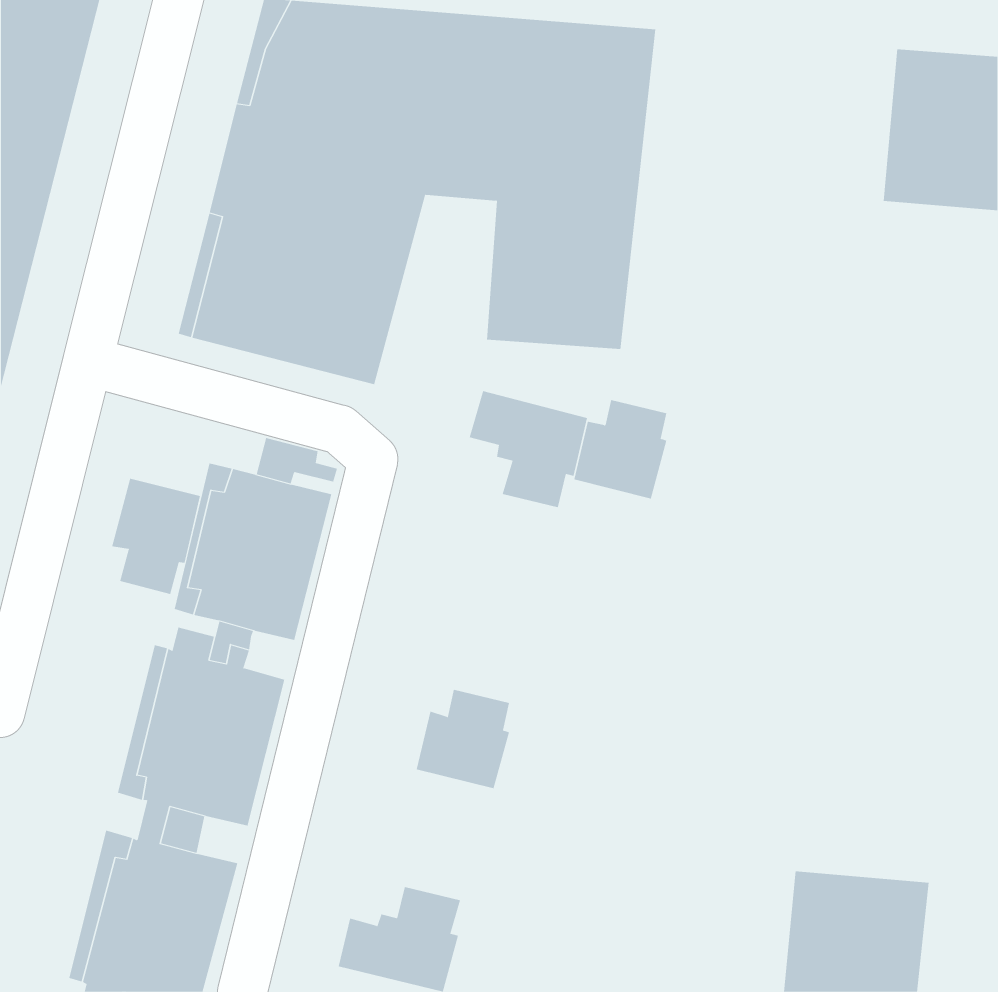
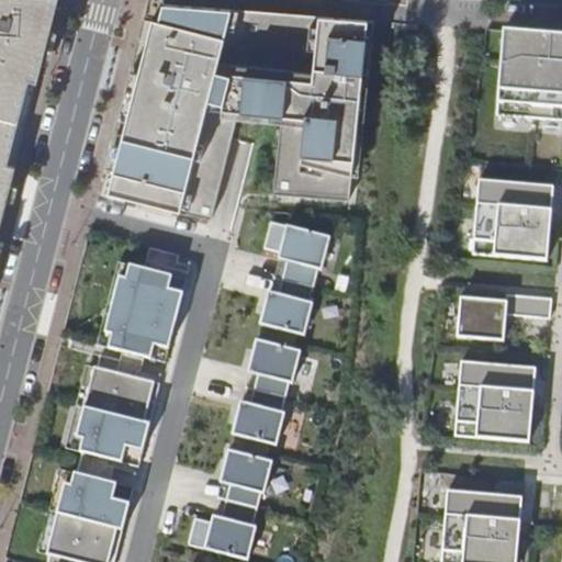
building: none -> [472,178,553,259]
building: [573,400,667,499] -> [261,278,314,334]
building: [112,478,201,595] -> none
building: none -> [457,292,552,339]
building: none -> [249,338,302,395]
building: none -> [454,360,536,441]
building: none -> [222,448,274,506]

